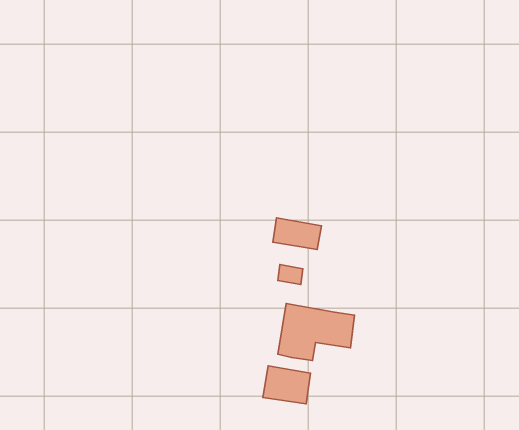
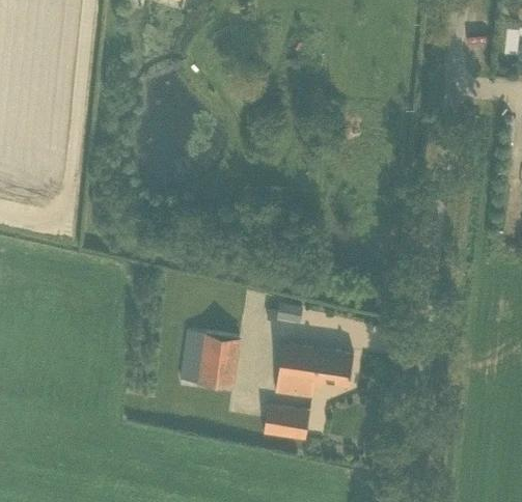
building: [273,218,322,249] -> none
building: none -> [177,330,241,387]

